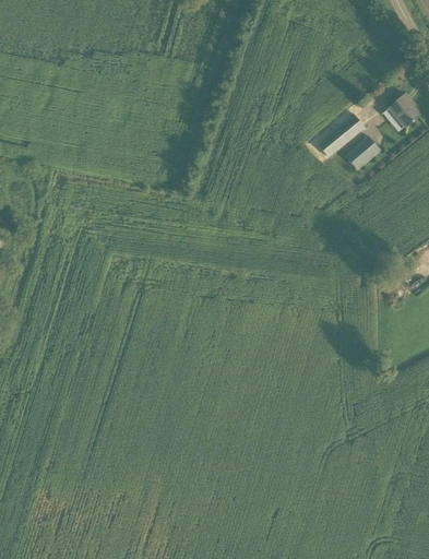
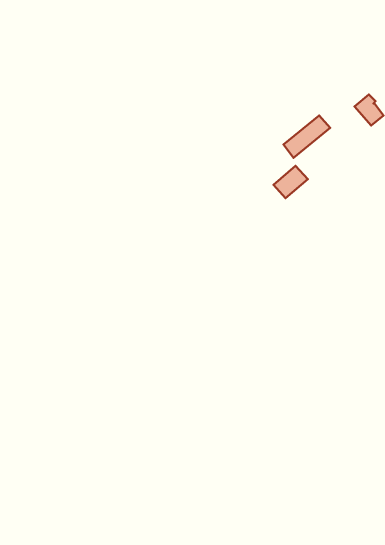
building: [345,138,379,169] -> [273,166,308,198]

